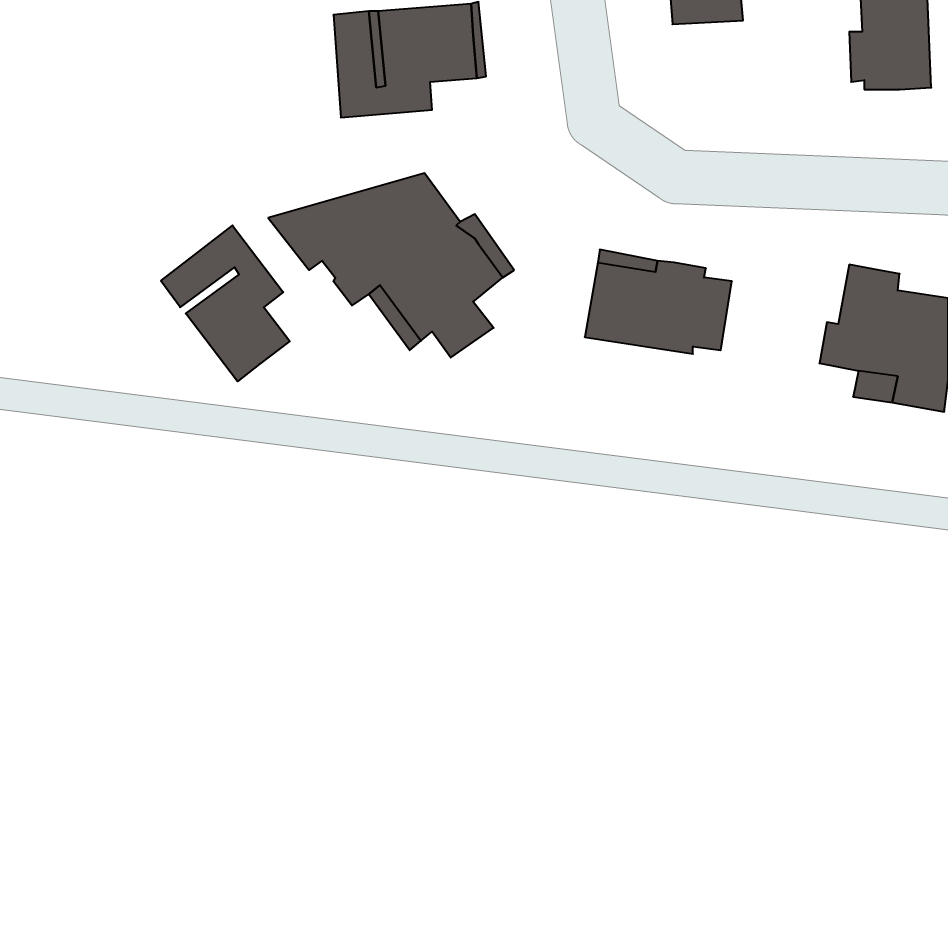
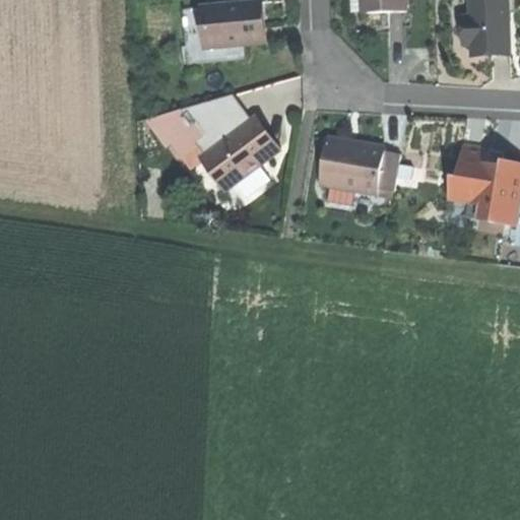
building: [161,225,290,381] -> none

